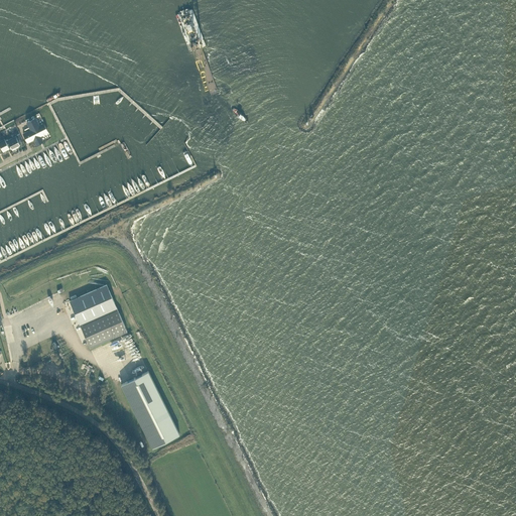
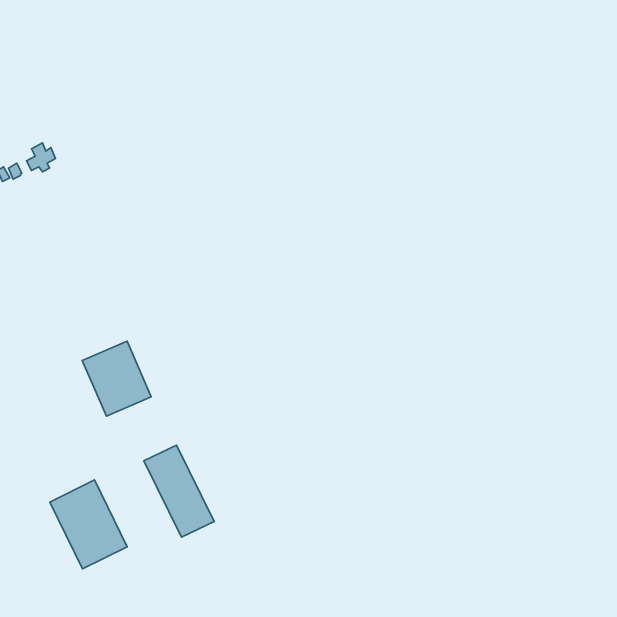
building: none -> [50,480,127,569]

